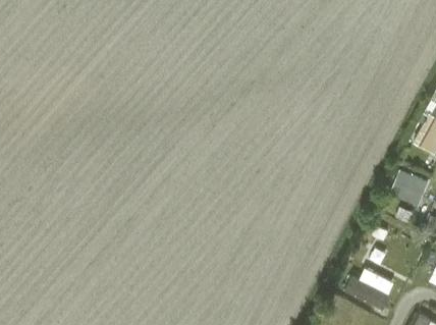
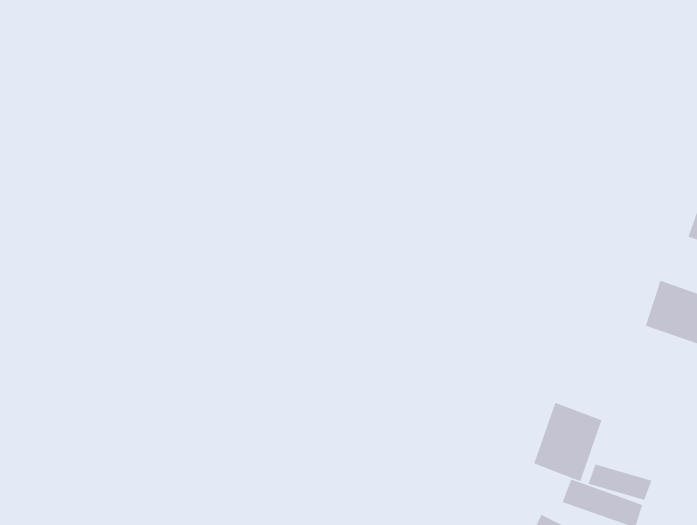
building: none -> [533,402,602,482]

